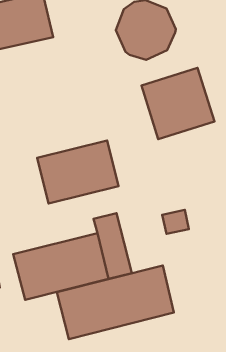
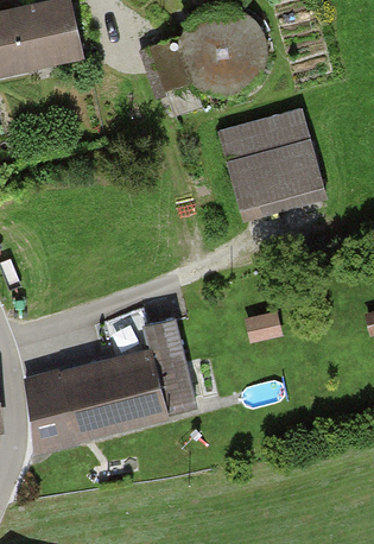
building: [37,141,118,204] -> none
building: [57,265,174,339] -> none

